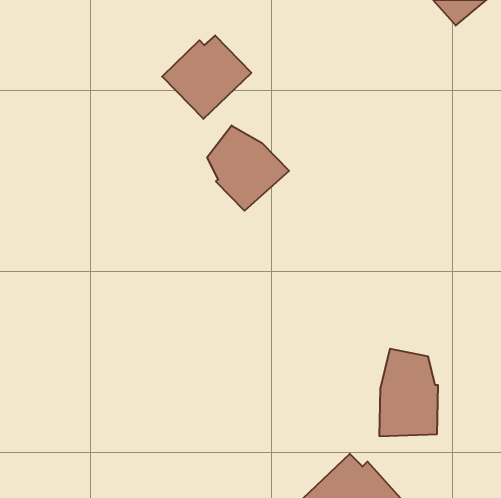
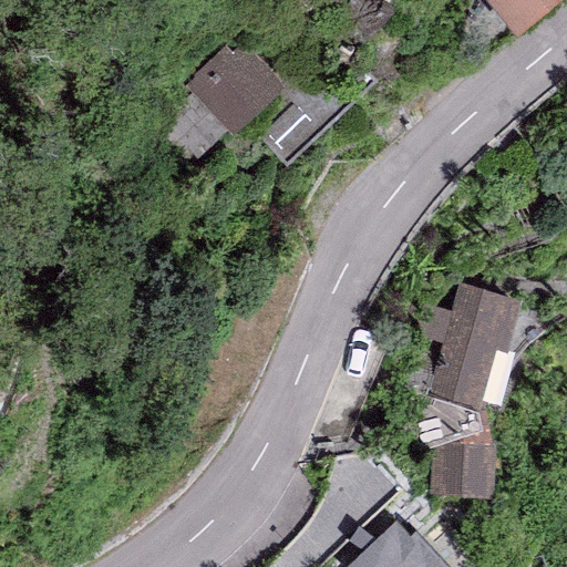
building: [207,125,289,211] -> none
building: none -> [426,284,518,406]

